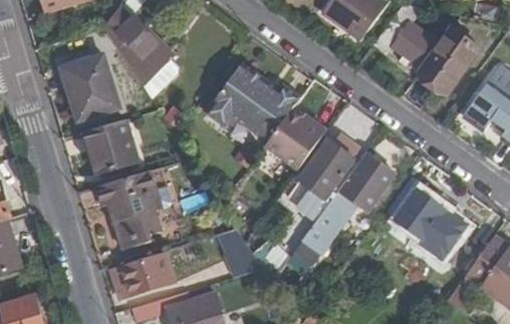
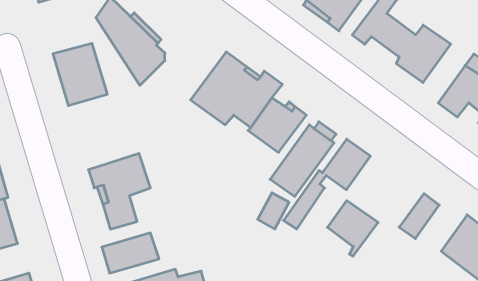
building: [83,121,135,173] -> none
building: [397,191,450,249] -> [327,201,378,256]
building: [217,230,263,278] -> none

